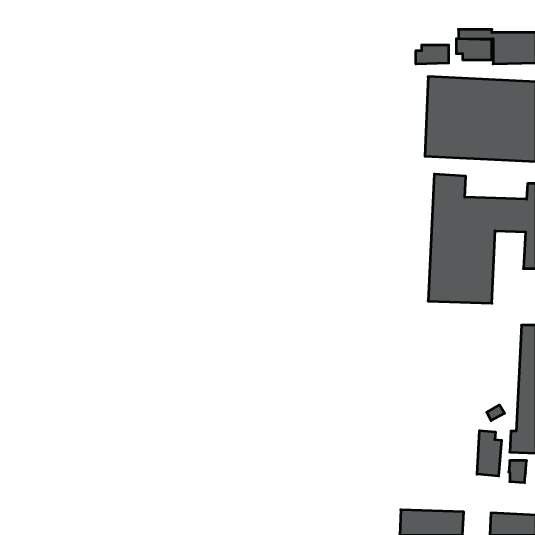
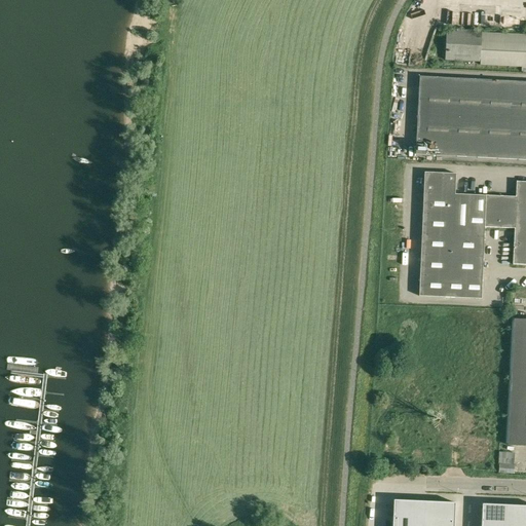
building: [416,45,449,64] -> none
building: [477,431,502,476] -> none

